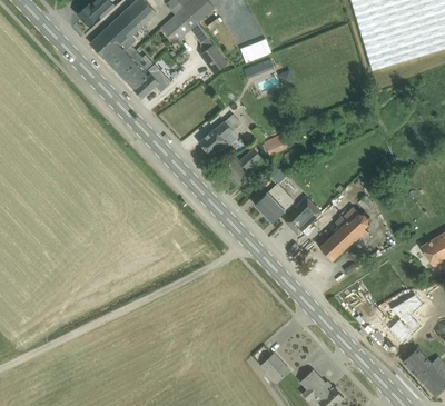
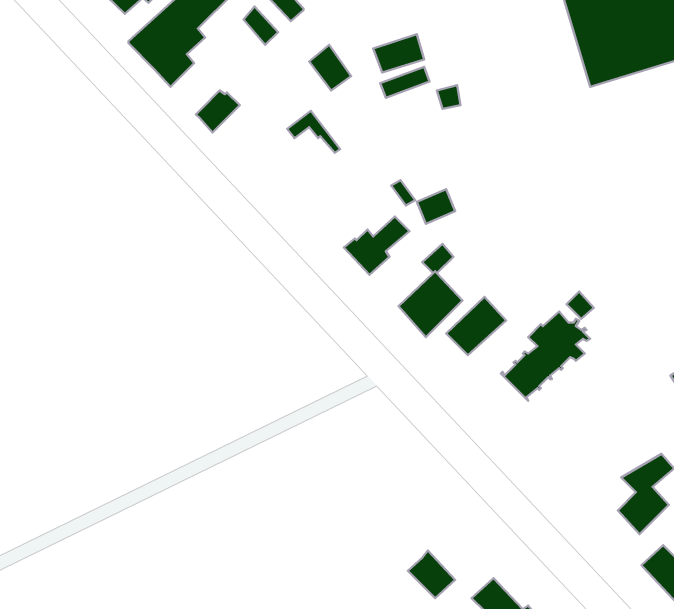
building: [117,51,147,87] -> none
building: [199,115,241,155] -> none

